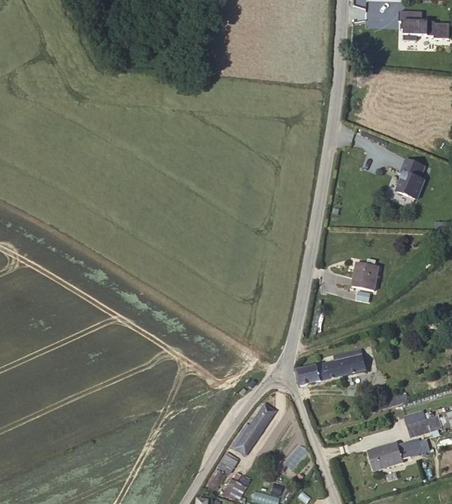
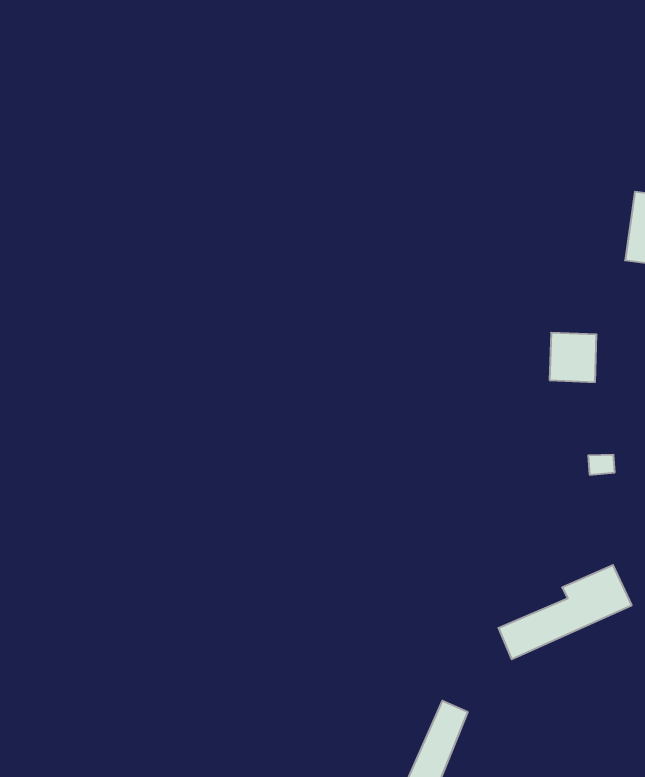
building: [352,259,380,288] -> [550,333,597,382]

